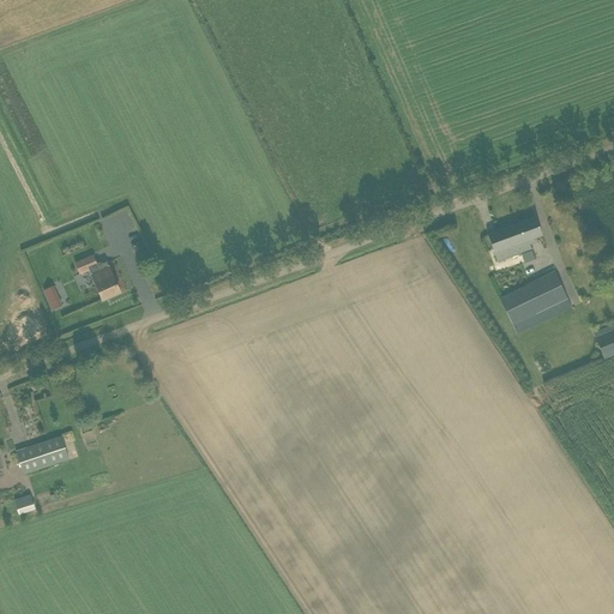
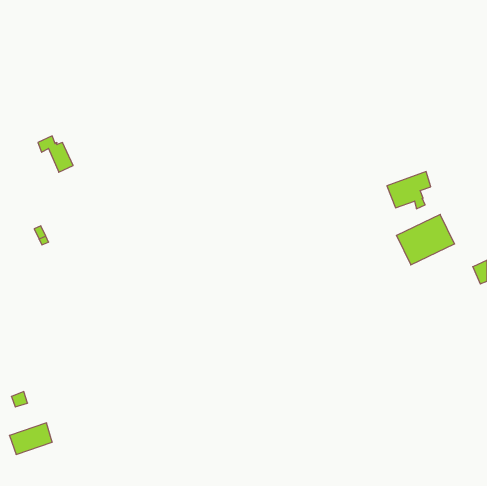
building: [76,253,120,299] -> [38,136,73,172]
building: [14,434,68,474] -> [9,423,52,454]

